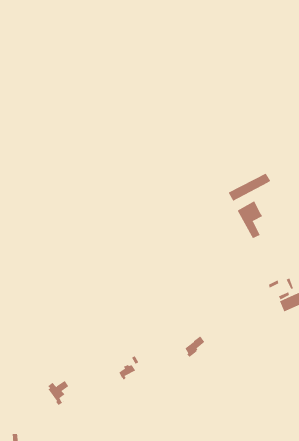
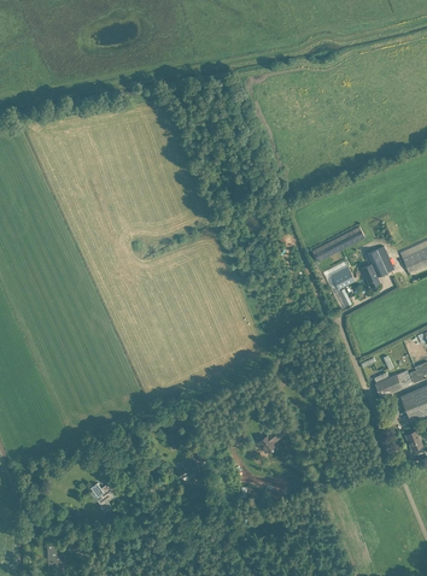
building: none -> [359,246,394,287]

